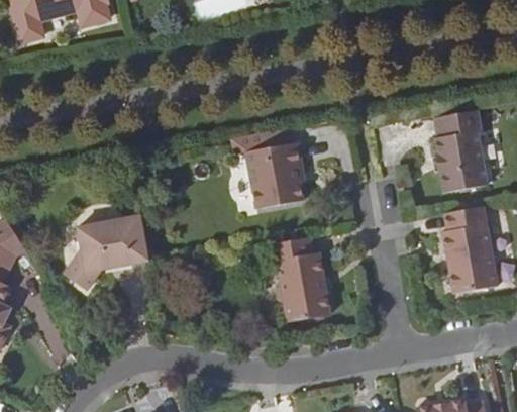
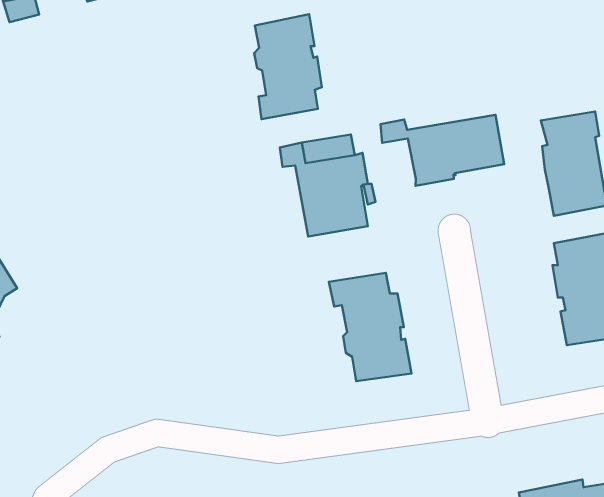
building: none -> [254,14,322,119]
building: none -> [380,115,504,186]
building: [63,215,149,291] -> none

